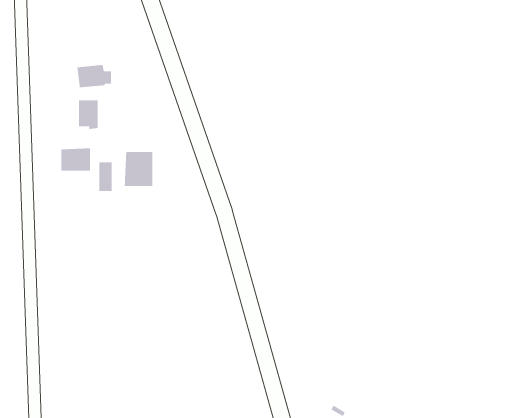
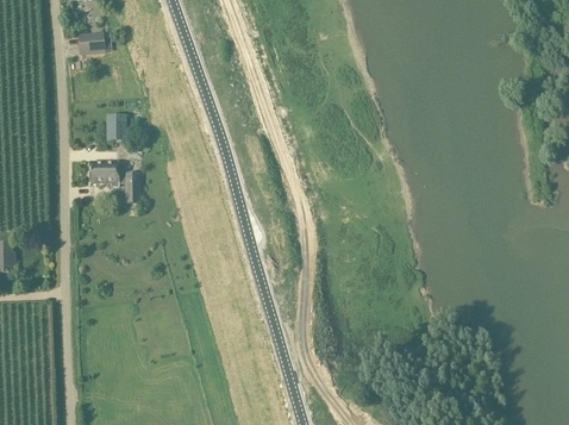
building: [76,64,112,88] -> [77,31,111,54]
building: [124,151,153,187] -> none

